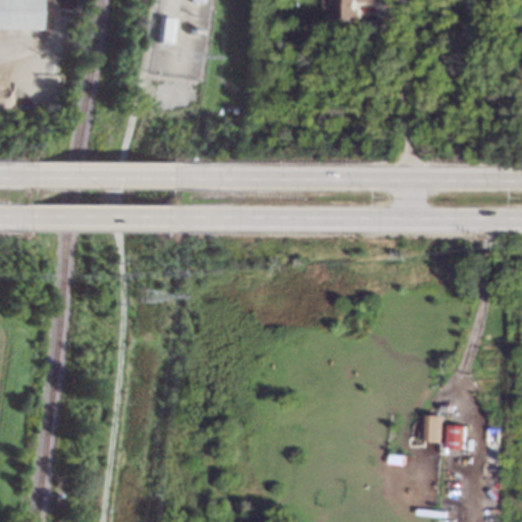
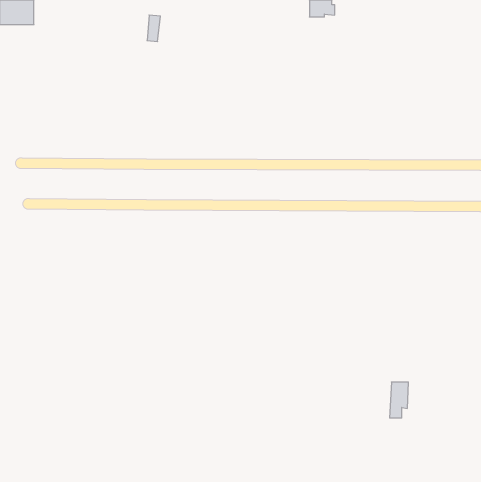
building: [446,424,465,449] -> none

